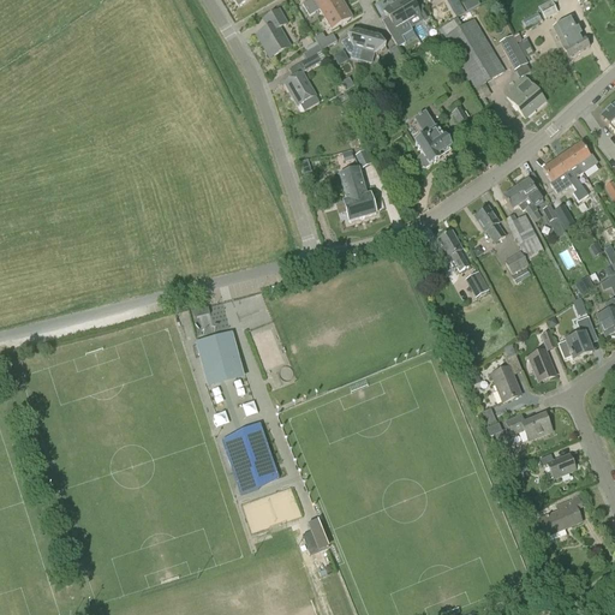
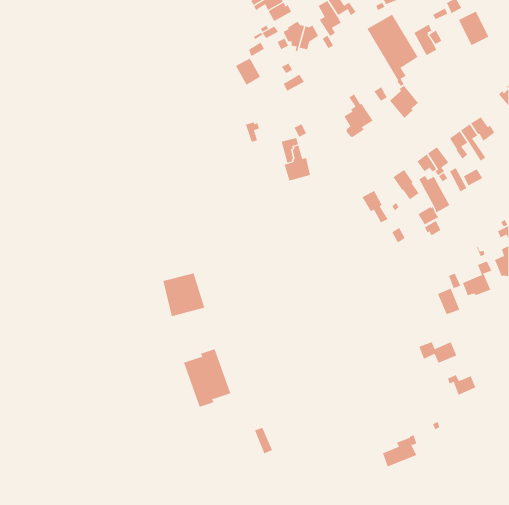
building: [256,7,288,55] -> none
building: [507,74,543,115] -> [389,85,419,119]
building: [490,351,521,400] -> none
building: [539,494,581,533] -> [382,434,417,467]

